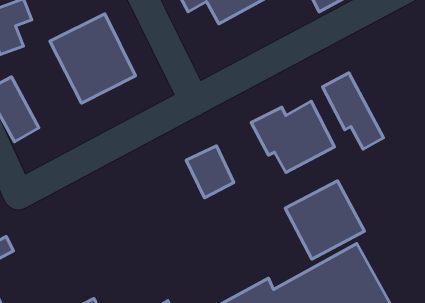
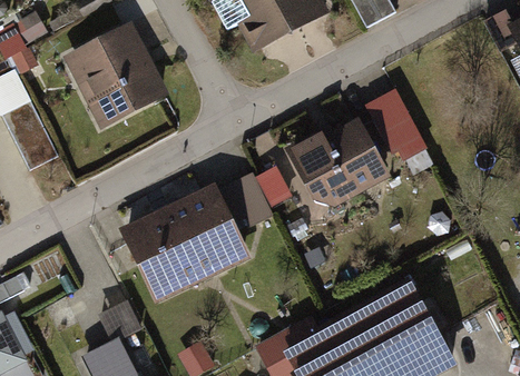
building: none -> [128,191,244,296]
building: [285,181,365,259] -> none

